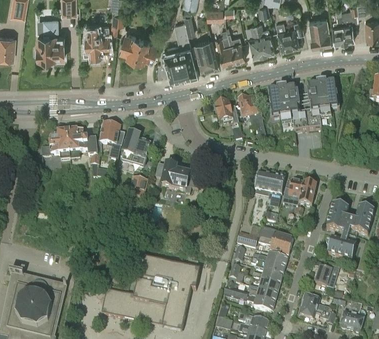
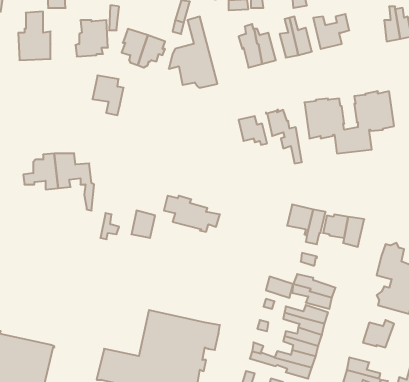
building: [309,15,331,43] -> none
building: [194,36,218,67] -> none
building: [99,122,124,154] -> [92,75,124,115]
building: [122,132,151,163] -> none

